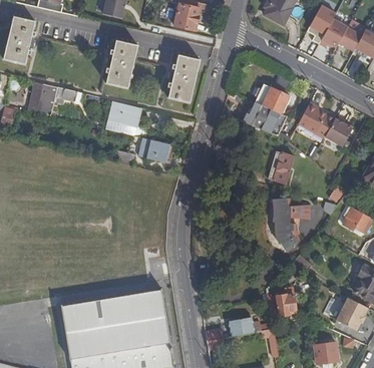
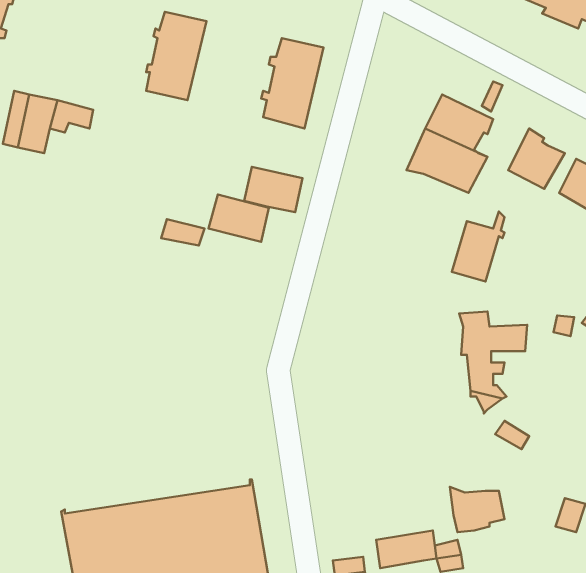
building: [108,101,139,125] -> [244,167,303,212]

